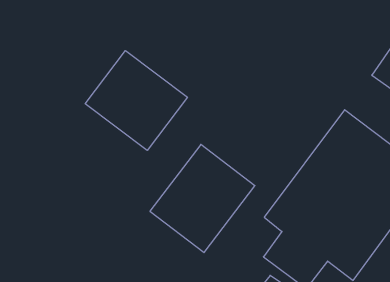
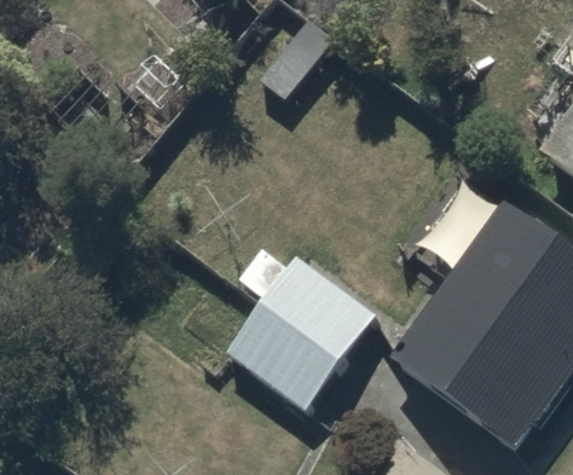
building: [85,51,187,150] -> none

